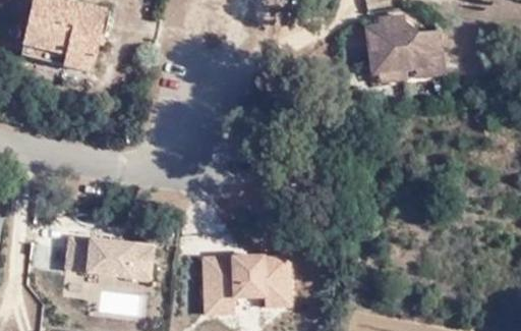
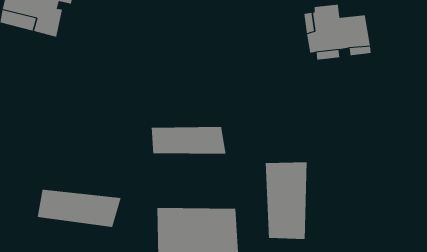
building: none -> [151,126,226,155]
building: none -> [265,162,307,240]

